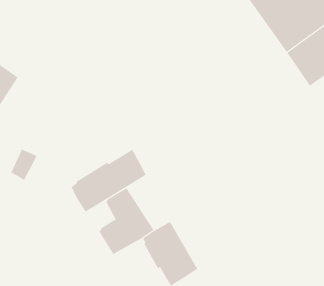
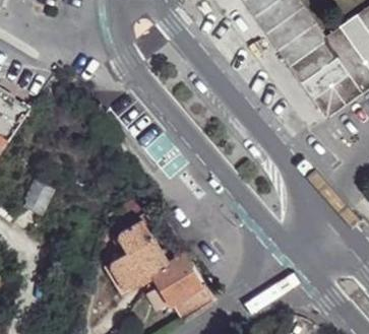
building: [71,149,147,212] -> none

